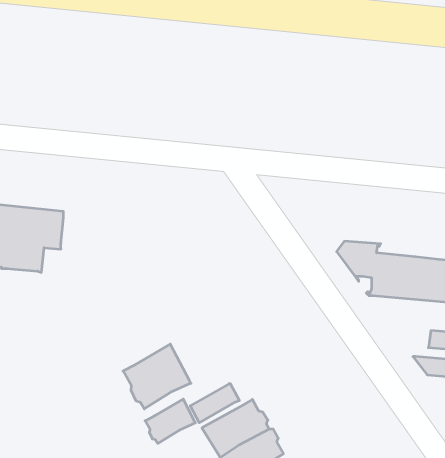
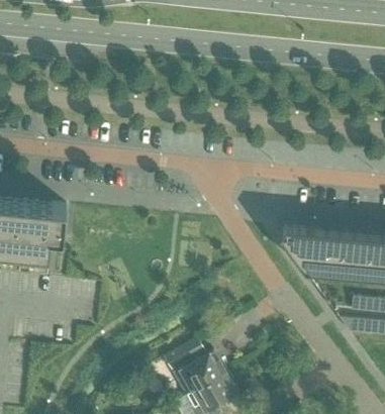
building: [123,344,191,409] -> none
building: [145,399,195,443] -> none

